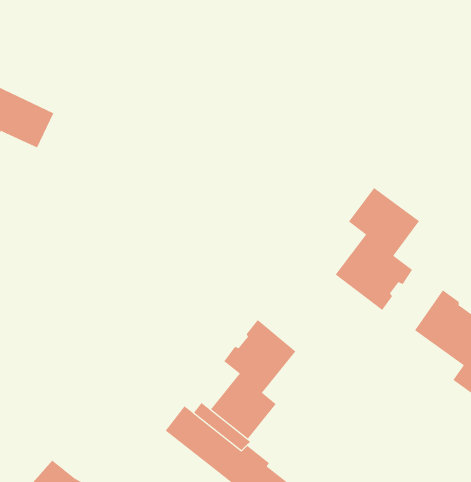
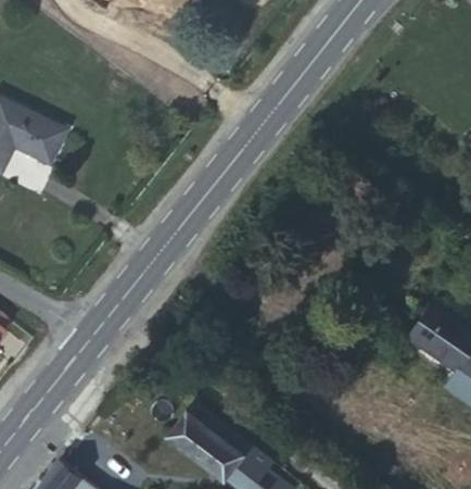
building: [335,187,420,311] -> none
building: [210,319,296,440] -> none

